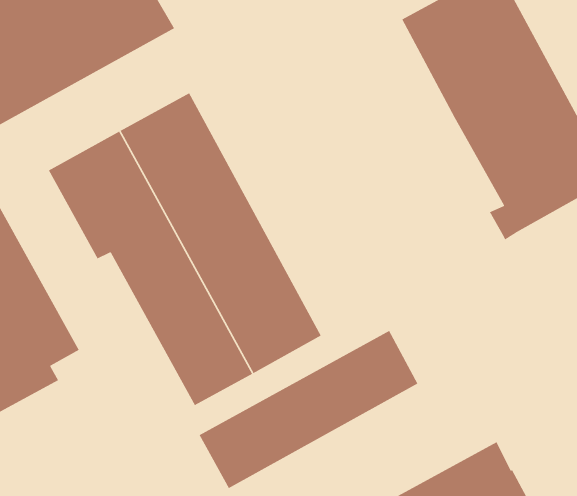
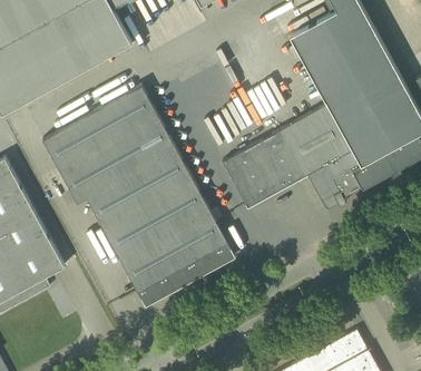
building: none -> [221,104,361,208]
building: [198,330,418,489] -> none

